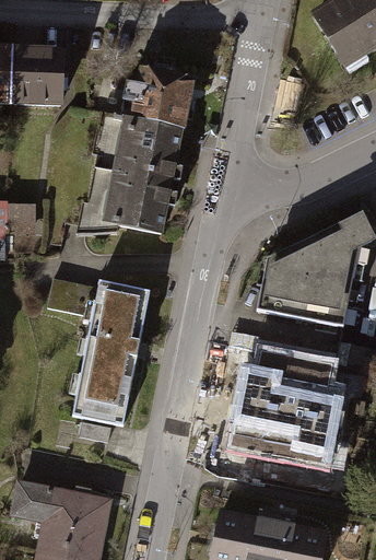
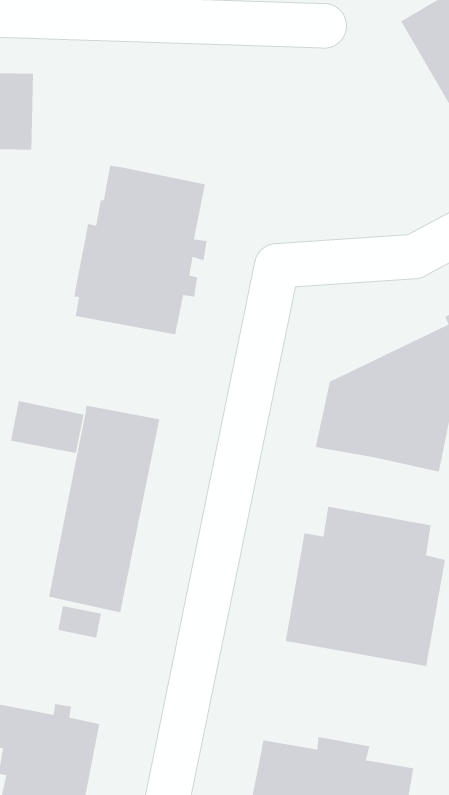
building: [121,62,192,128] -> none

